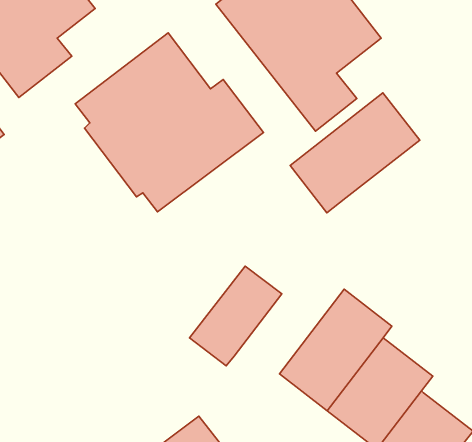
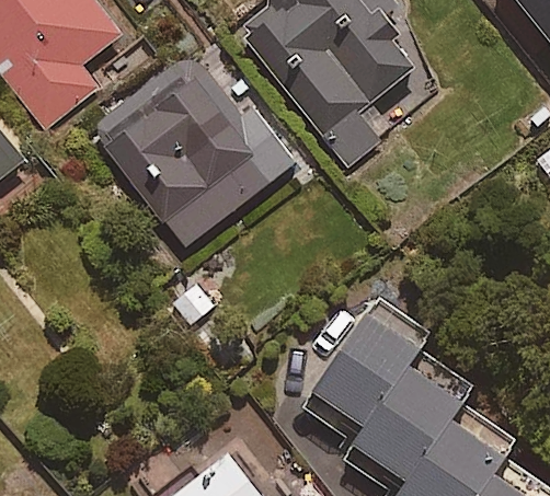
building: [290,93,420,213] -> none
building: [190,266,282,366] -> none

